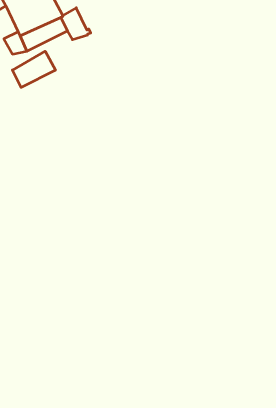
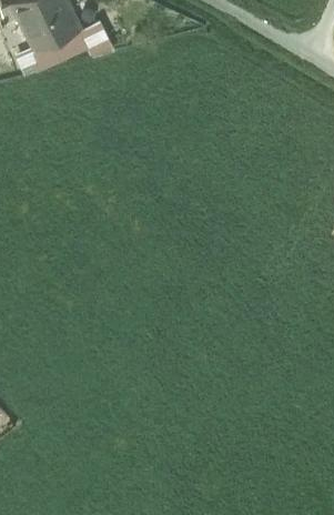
building: [12,51,55,87] -> none

